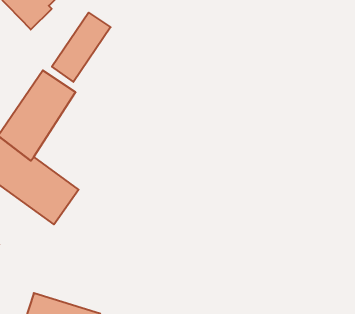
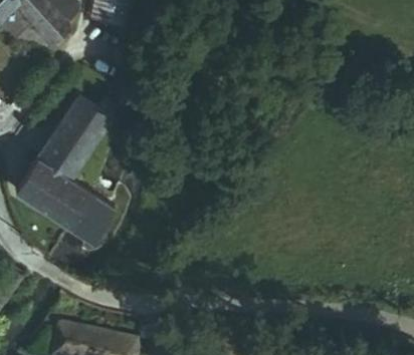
building: [52,13,111,82] -> none

